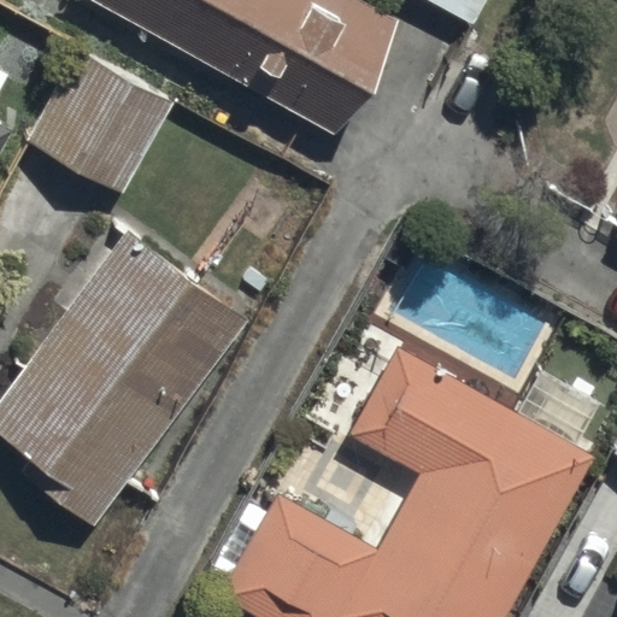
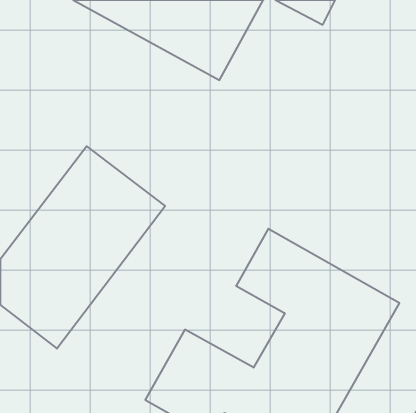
building: [33,57,170,192] -> none

